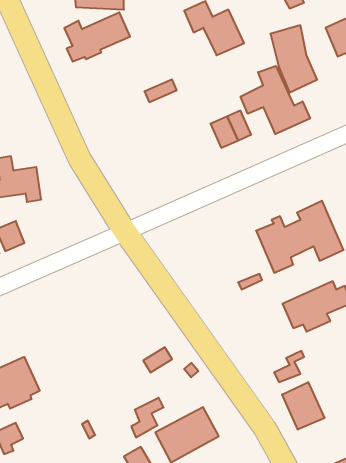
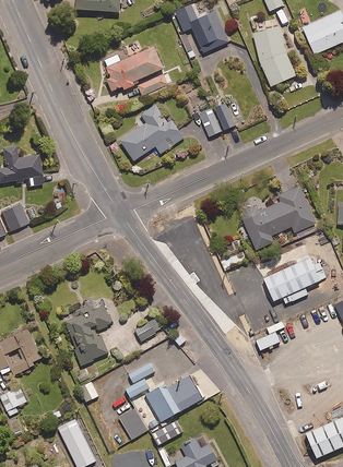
building: [64,12,130,62] -> [104,46,164,91]
building: [241,66,310,134] -> none
building: none -> [120,104,184,160]
building: none -> [66,303,113,364]
building: [282,382,325,430] -> none

